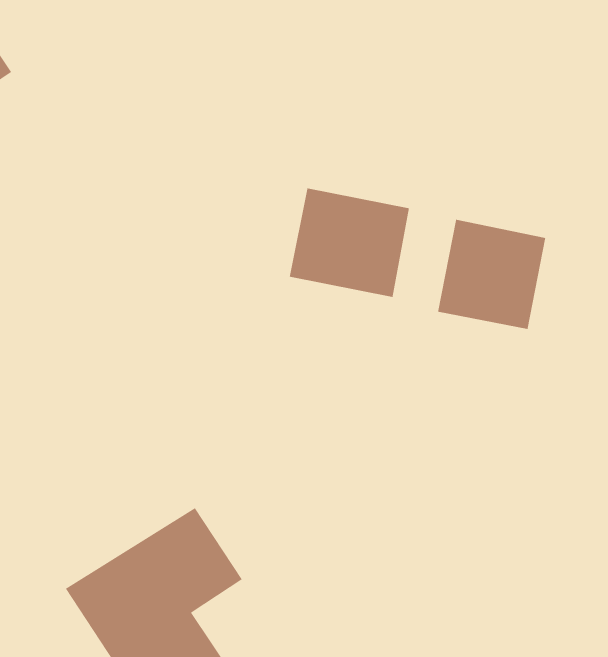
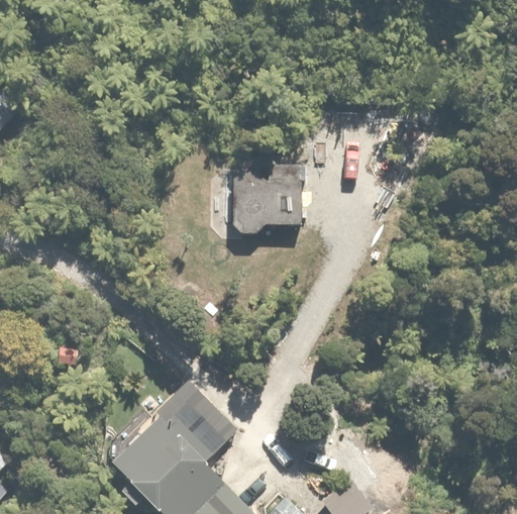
building: [437,219,546,330] -> none

